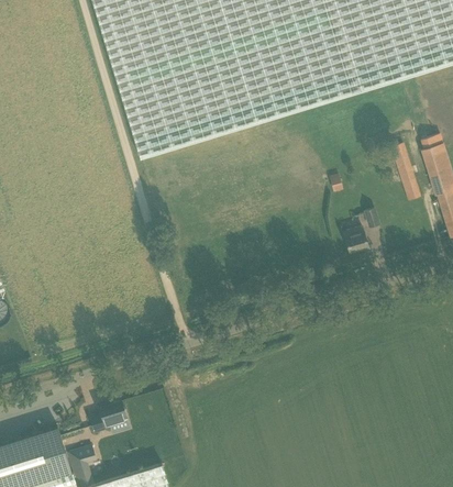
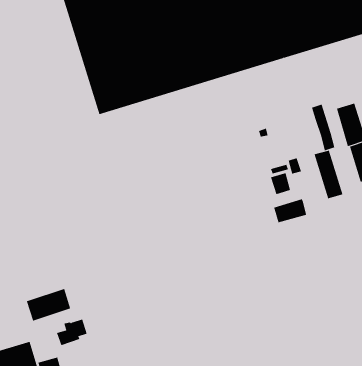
building: none -> [314,150,343,199]
building: none -> [274,199,307,223]
building: none -> [26,288,71,321]

